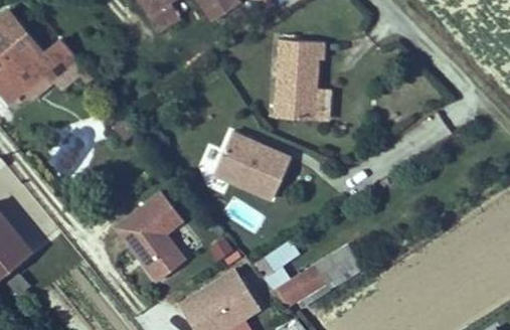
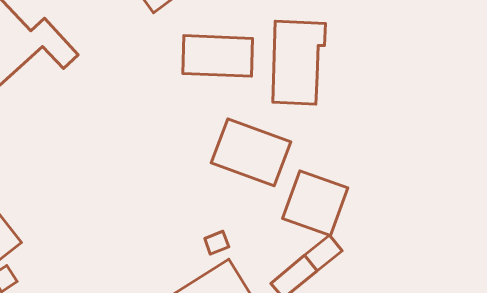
building: none -> [183,35,252,76]
building: none -> [283,171,348,236]
building: [117,193,187,283] -> none

